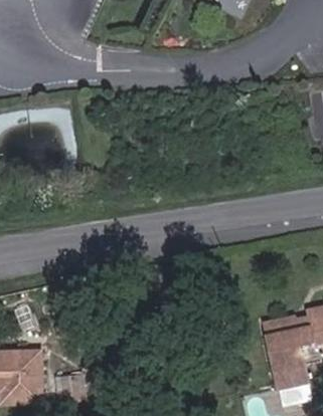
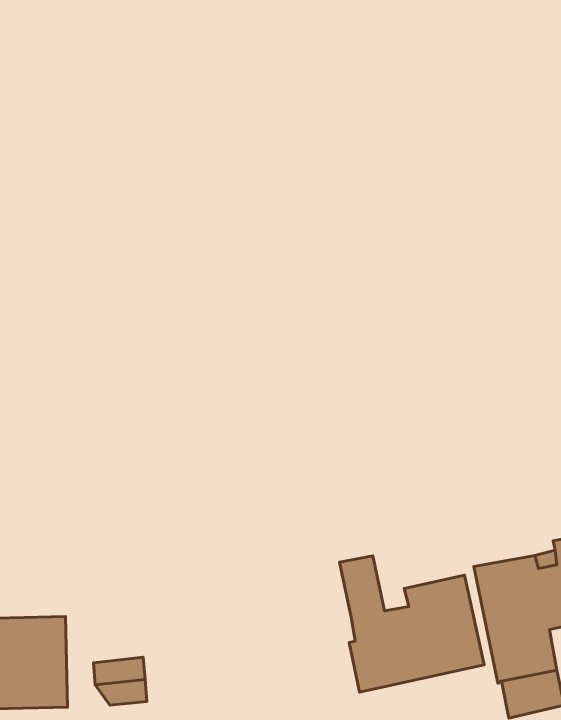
building: none -> [340,556,484,692]

